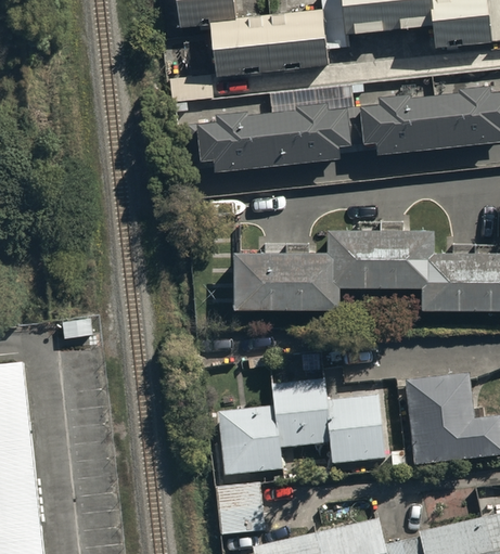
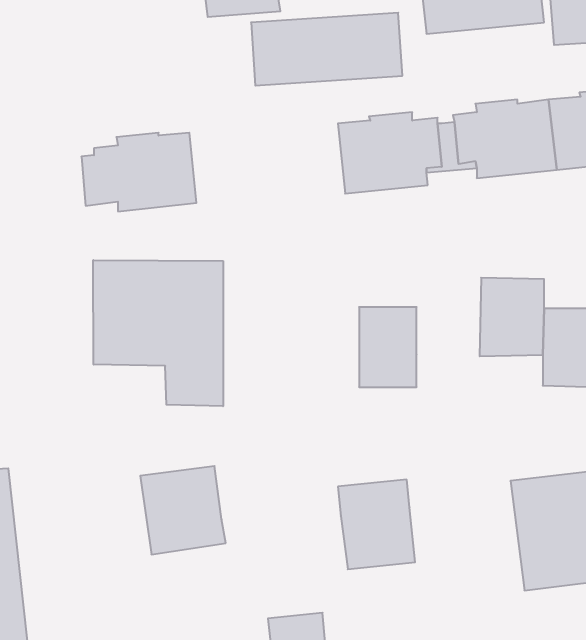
building: [190,105,279,166] -> [81,133,196,211]
building: none -> [93,260,223,406]
building: [334,223,384,285] -> none
building: [240,247,290,310] -> none
building: [329,397,387,465] -> none
building: [218,409,284,477] -> [140,466,226,554]

